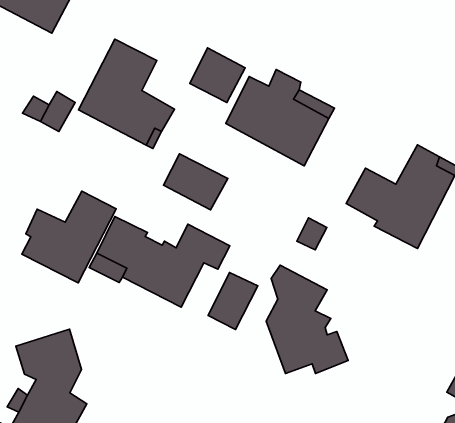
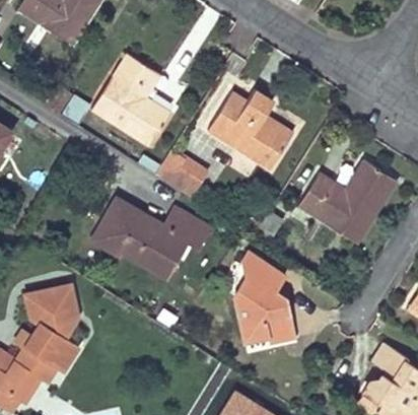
building: [190,48,245,103] -> none
building: [22,191,116,283] -> none
building: [208,273,258,329] -> none

